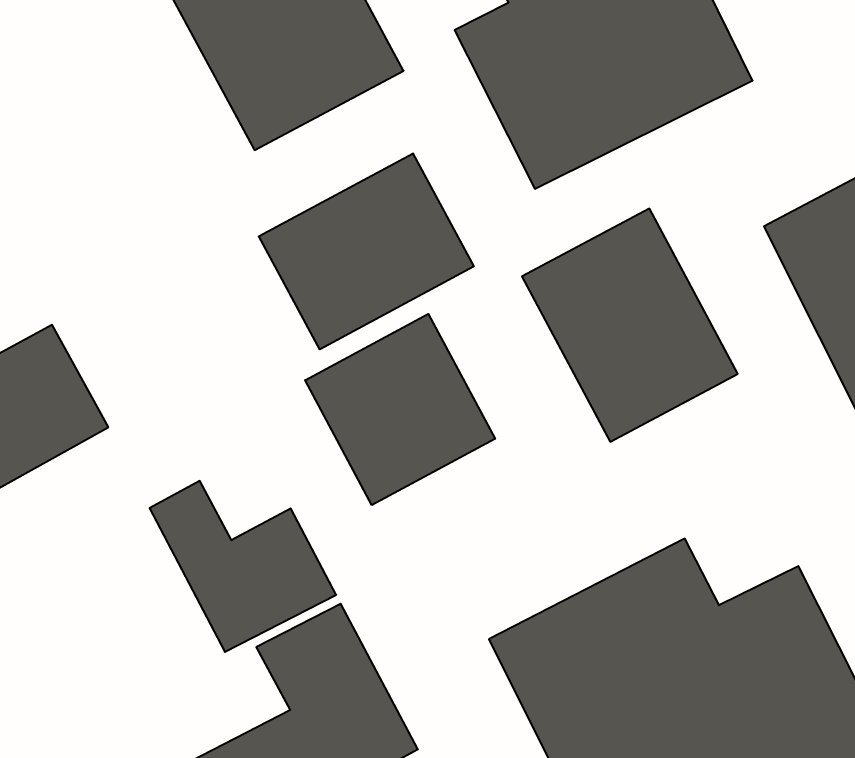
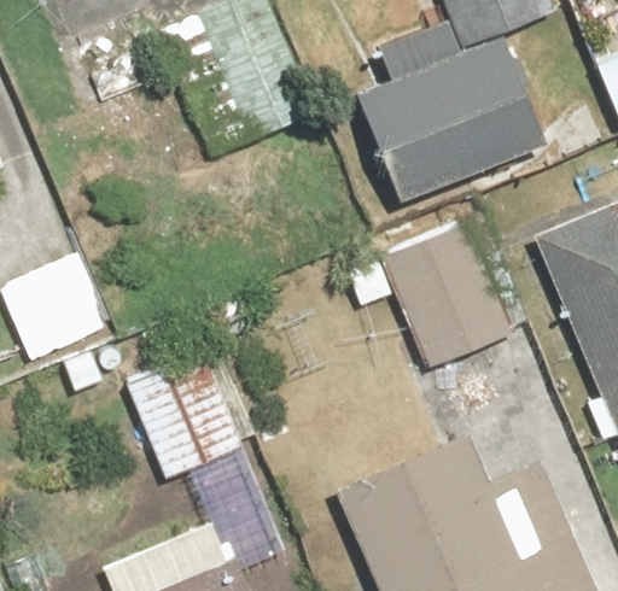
building: [259,153,474,349] -> none
building: [305,314,495,505] -> none

